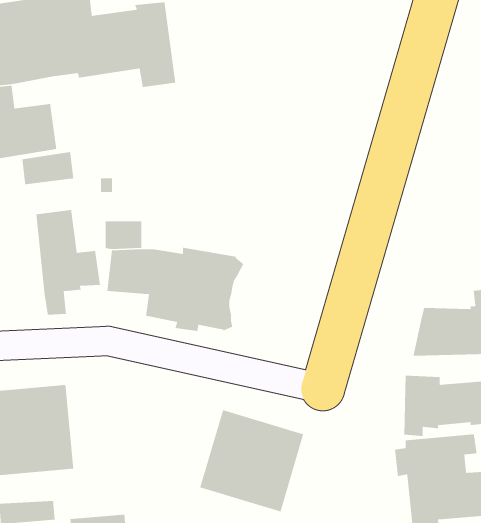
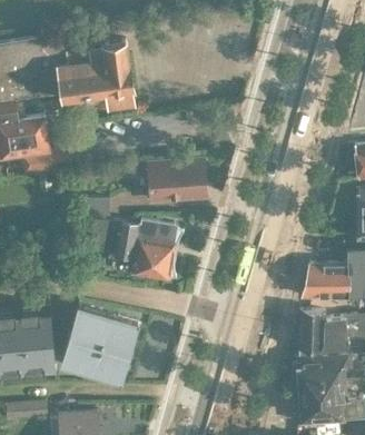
building: none -> [147,159,206,199]
building: [35,209,101,315] -> none
building: [199,409,304,512] -> [67,312,142,386]

